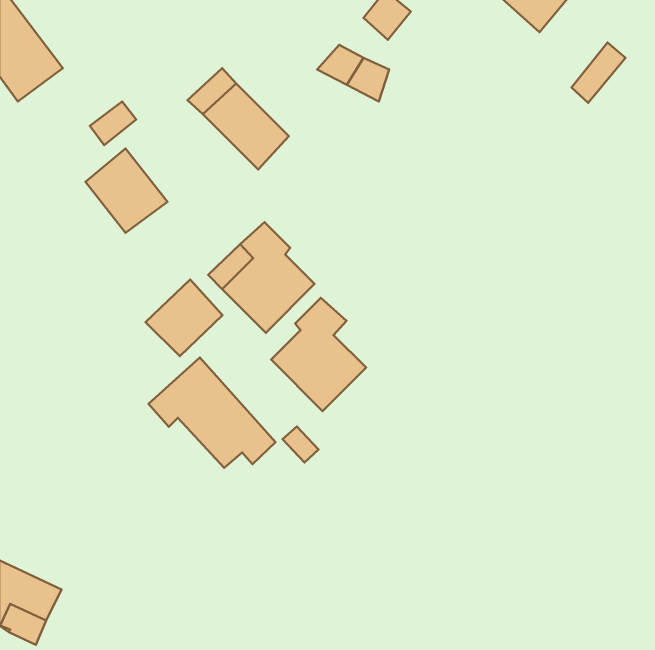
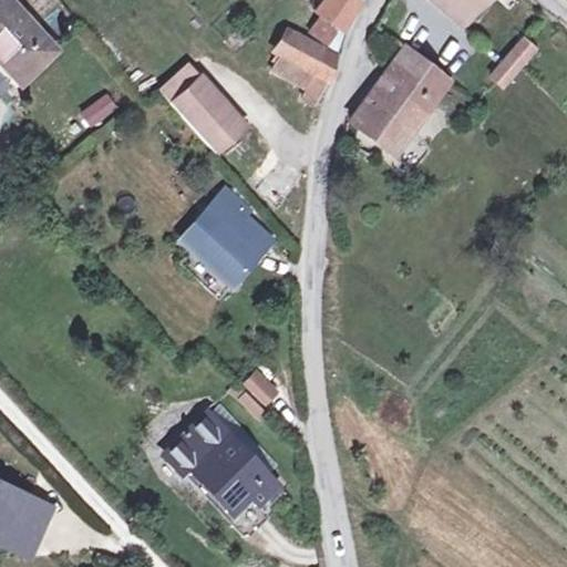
building: none -> [357,45,455,151]
building: [86,148,168,233] -> none
building: [145,279,222,356] -> none
building: [271,298,366,411] -> none
building: [148,358,276,468] -> [163,416,272,512]

